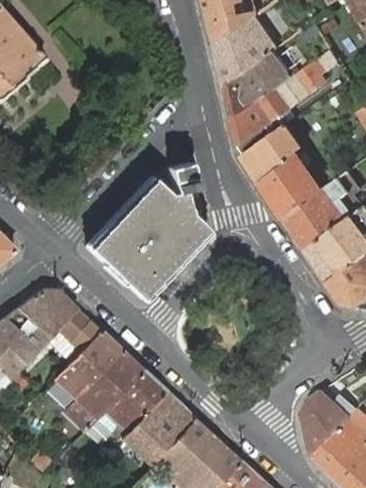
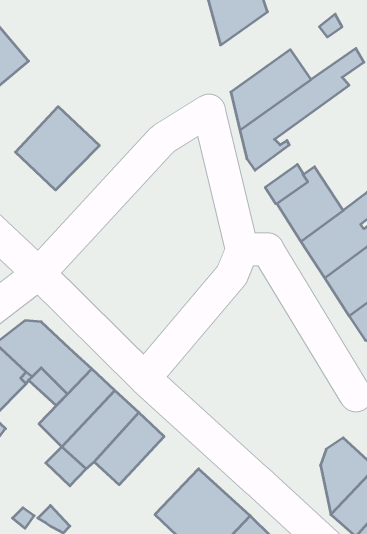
building: [215,17,280,88] -> none
building: none -> [15,107,99,190]
building: [86,162,207,299] -> none
building: [120,390,196,461] -> none

